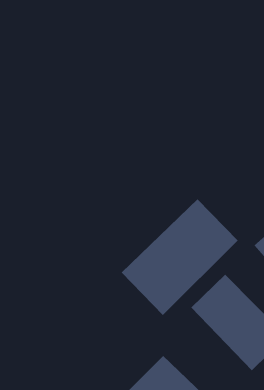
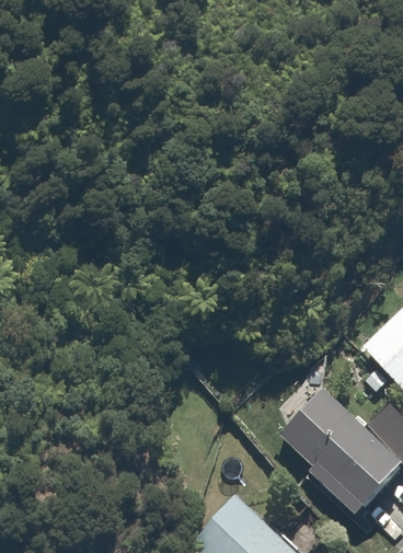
building: [121,198,238,316] -> none

